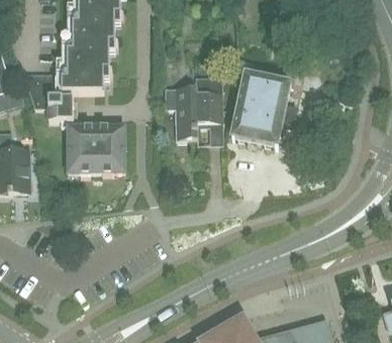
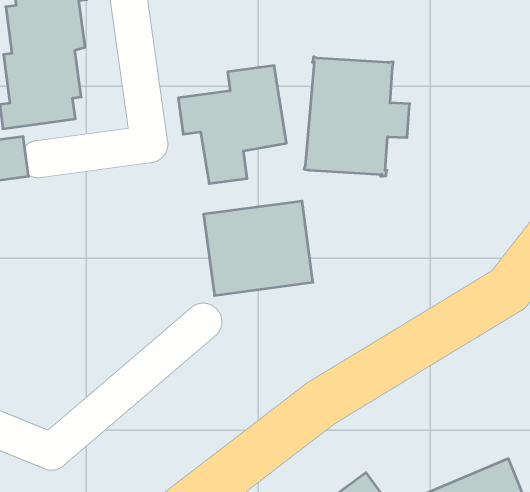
building: [67,124,124,172] -> [203,201,313,296]

